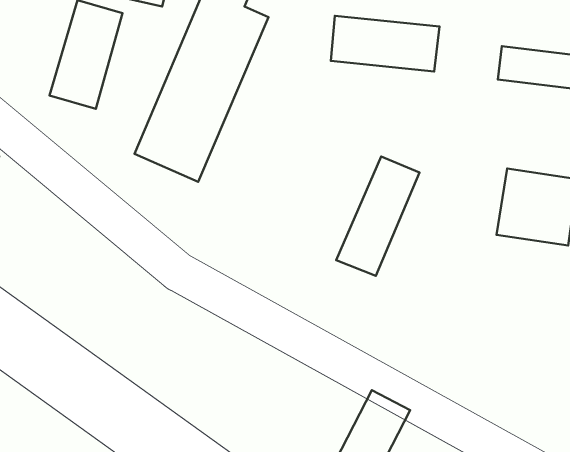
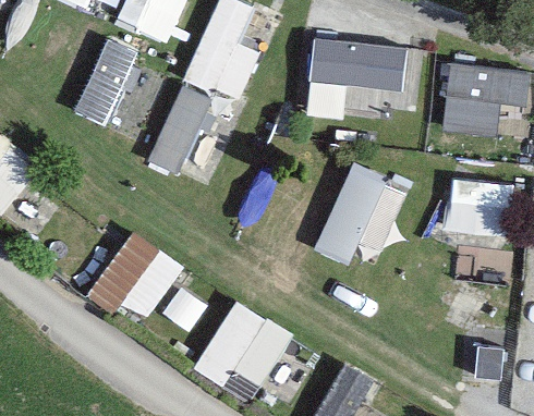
building: none -> [90,228,183,321]
building: none -> [193,296,294,401]

